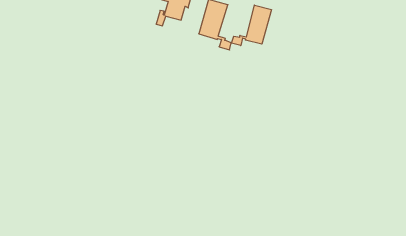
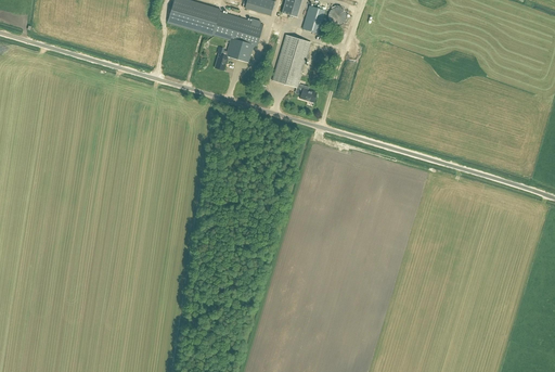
building: [231,5,271,46] -> none

